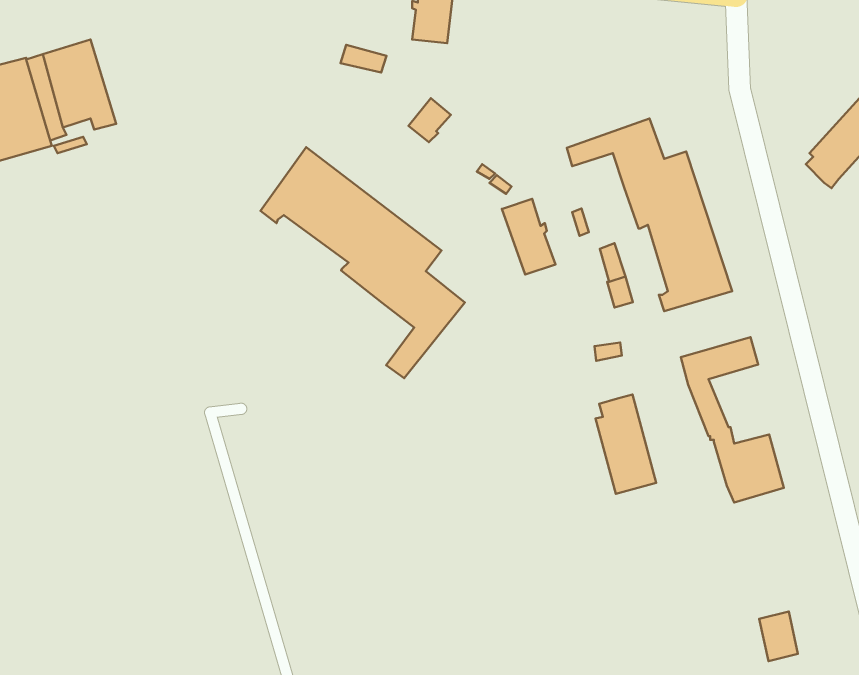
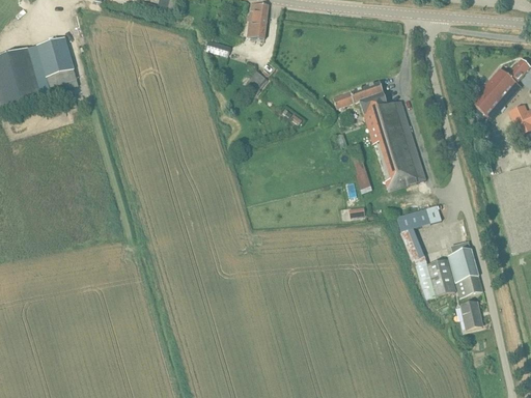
building: [261,147,465,378] -> none
building: [502,199,555,275] -> none
building: [596,395,656,494] -> [448,240,482,296]
building: [759,612,798,661] -> [460,301,482,329]

